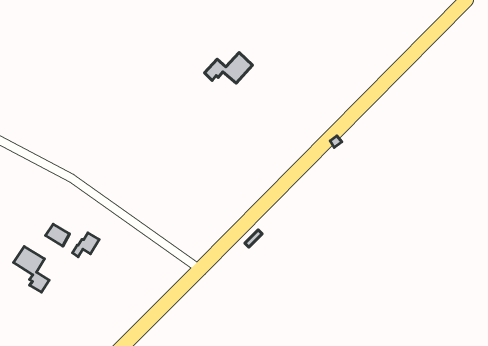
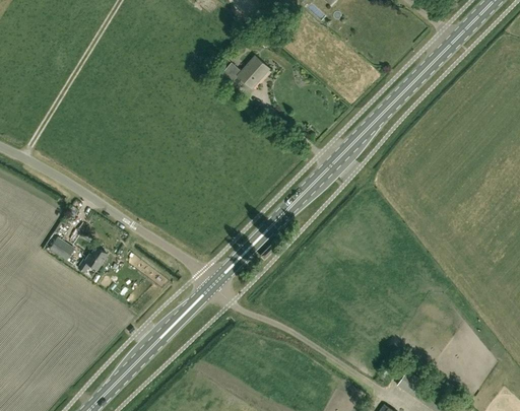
building: [14,246,49,292] -> none

